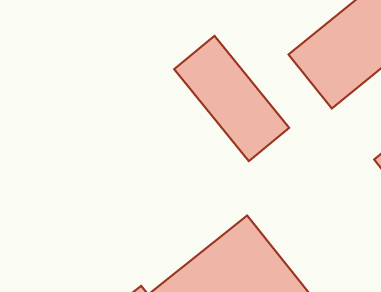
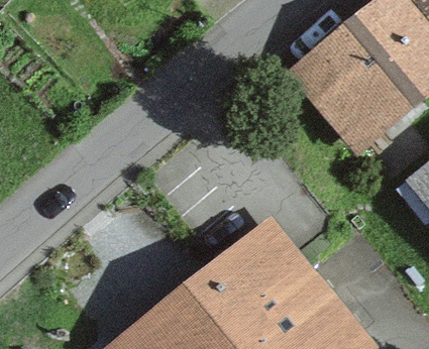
building: [174,36,289,161] -> none

